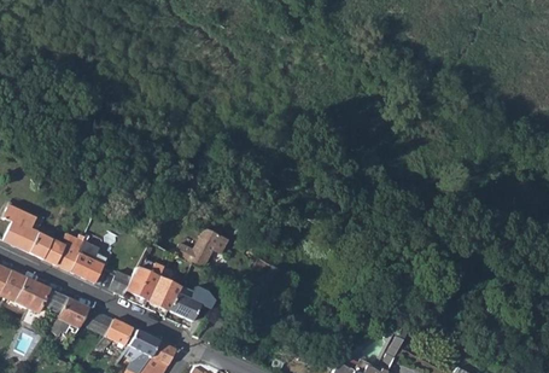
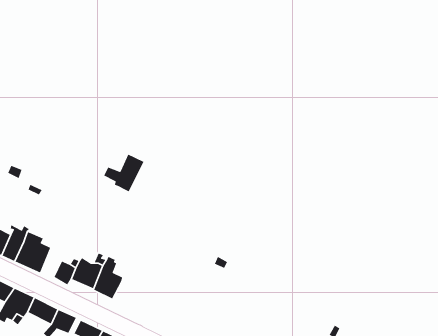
building: [177,228,220,268] -> [103,153,145,192]
building: [169,286,214,321] -> none

